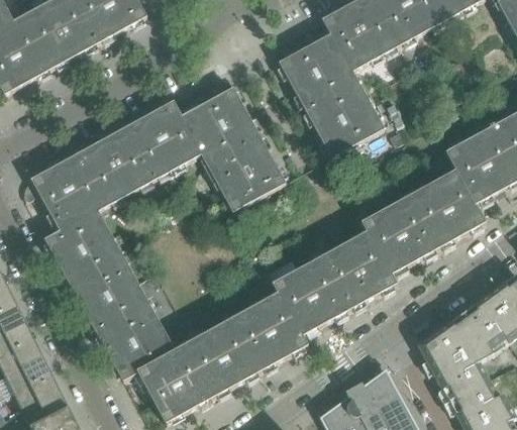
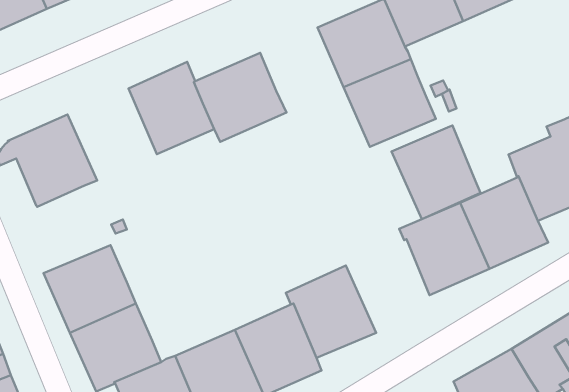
building: [79,125,156,204] -> none
building: [207,133,286,210] -> none
building: [45,209,124,285] -> none
building: [320,229,397,309] -> [391,126,480,219]

